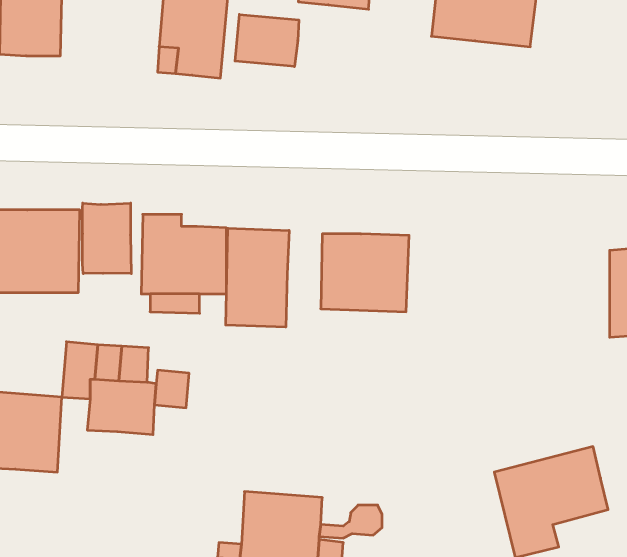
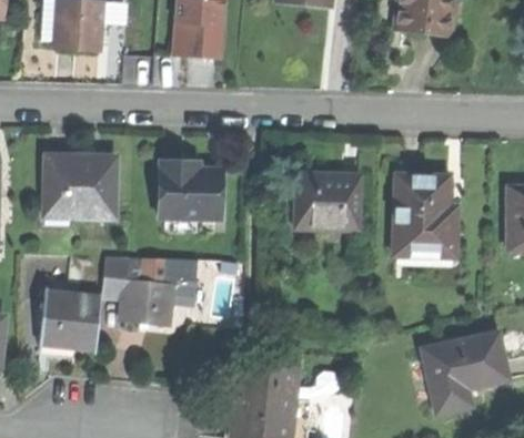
building: [235,14,299,67] -> none
building: [82,203,131,274] -> none
building: [226,228,289,327] -> none
building: none -> [397,176,458,256]

